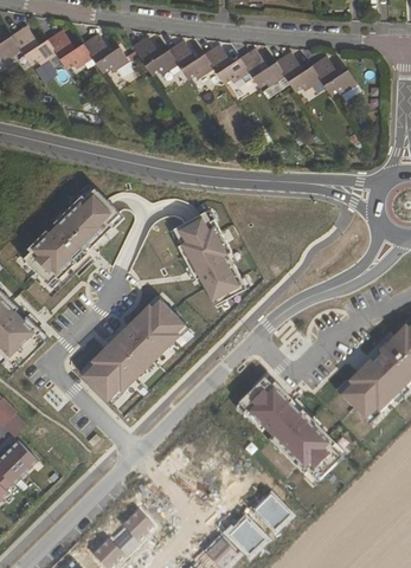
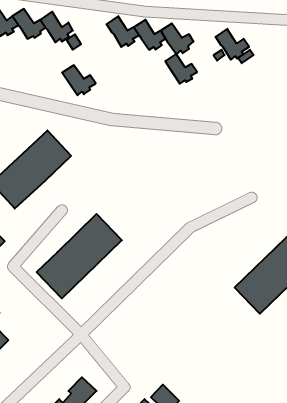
building: [131,36,175,75] -> [62,65,96,95]
building: [276,52,317,91] -> [165,54,197,84]
building: [169,212,244,306] -> none
building: [235,377,343,488] -> none
building: [255,493,291,530] -> none

